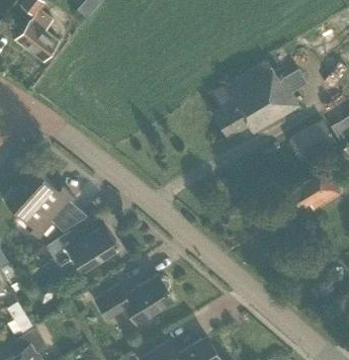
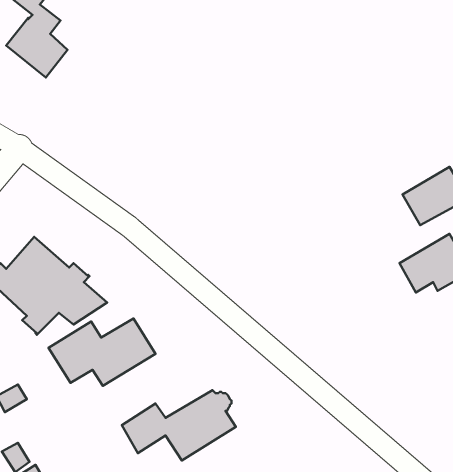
building: [211,62,308,139] -> none

